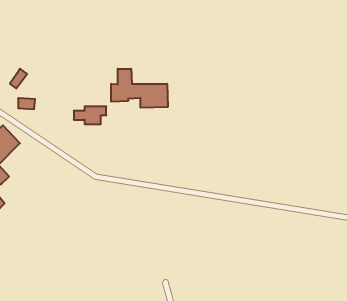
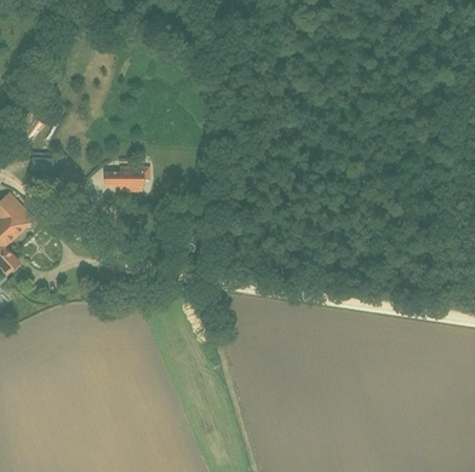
building: [111,69,168,108] -> none

